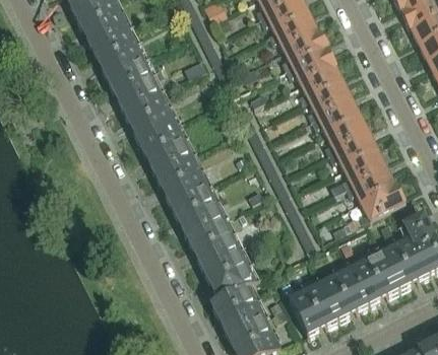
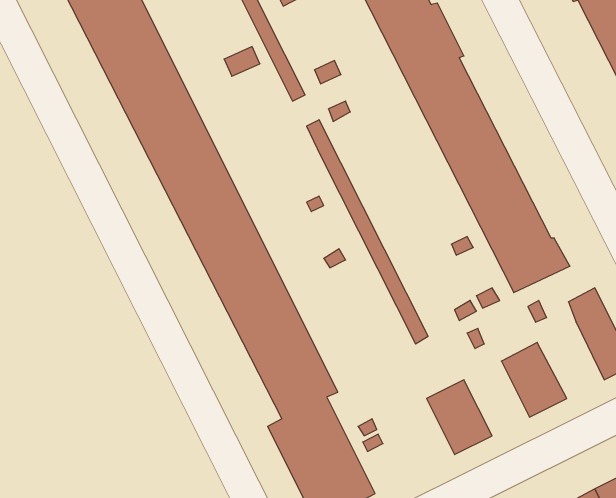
building: [385,234,429,284] -> none
building: [337,260,380,308] -> none
building: [288,284,331,333] -> none

